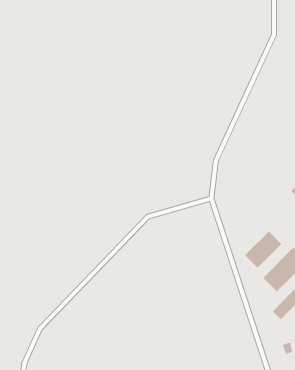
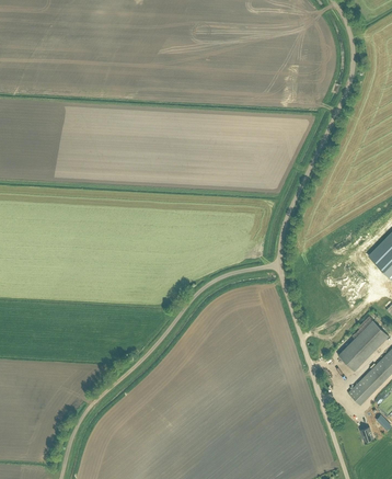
building: [244,231,282,269] -> none

